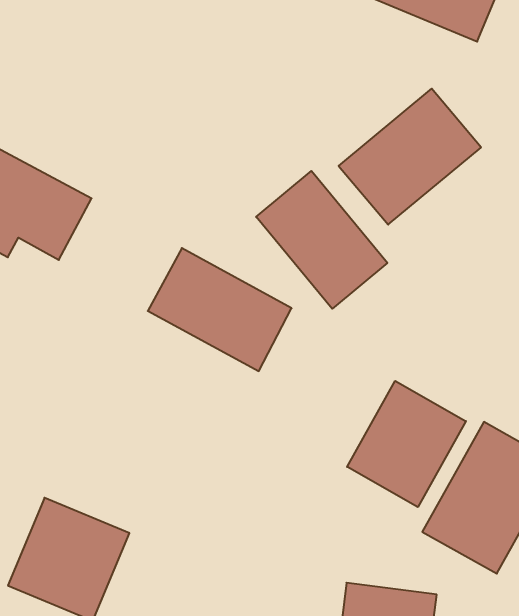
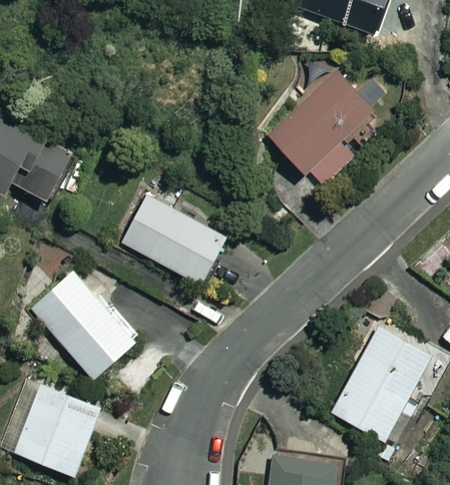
building: [256,171,387,309] -> none
building: none -> [30,270,138,383]
building: [347,381,466,507] -> none

